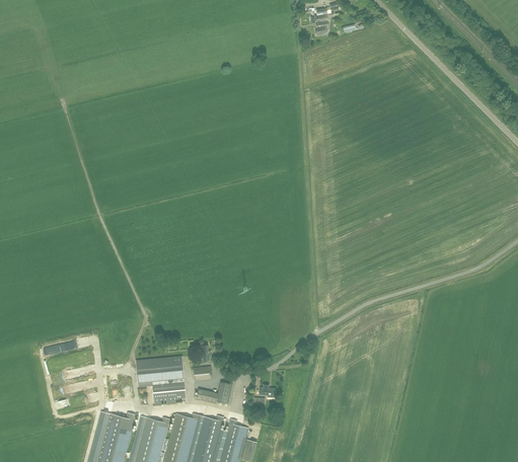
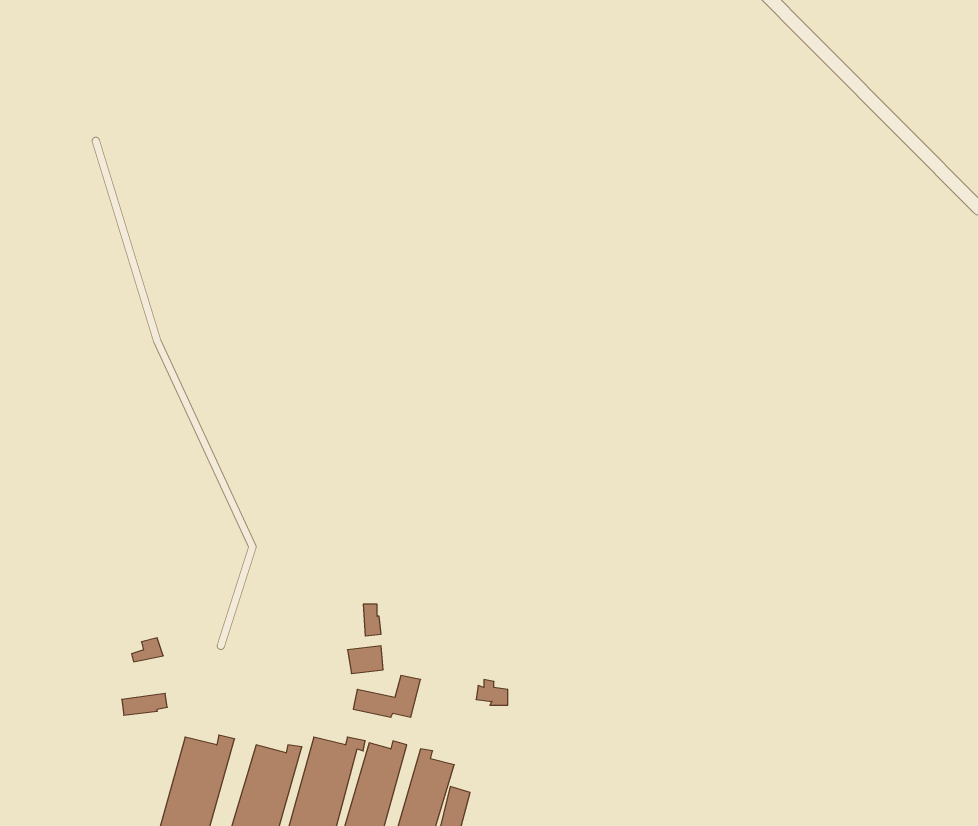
building: [134,357,184,404] -> none

